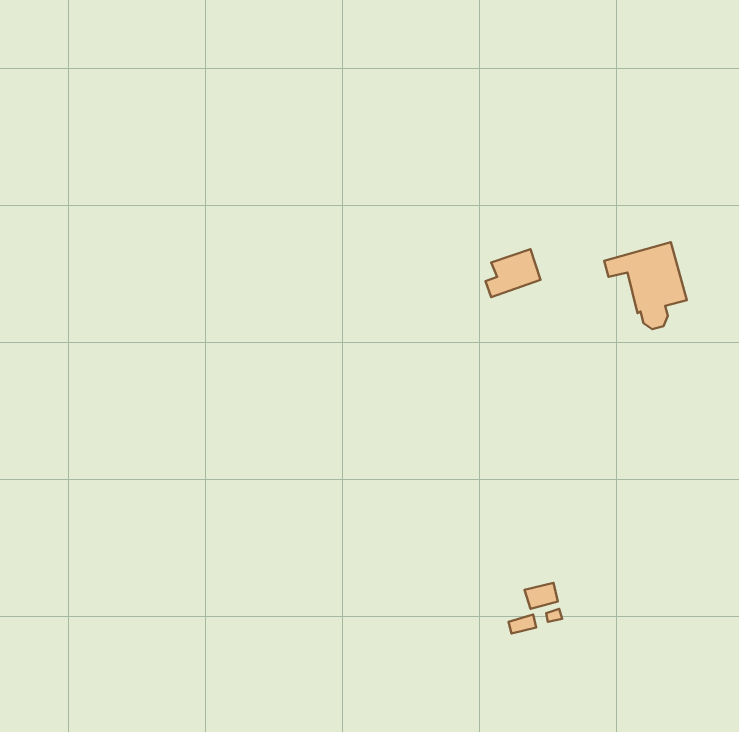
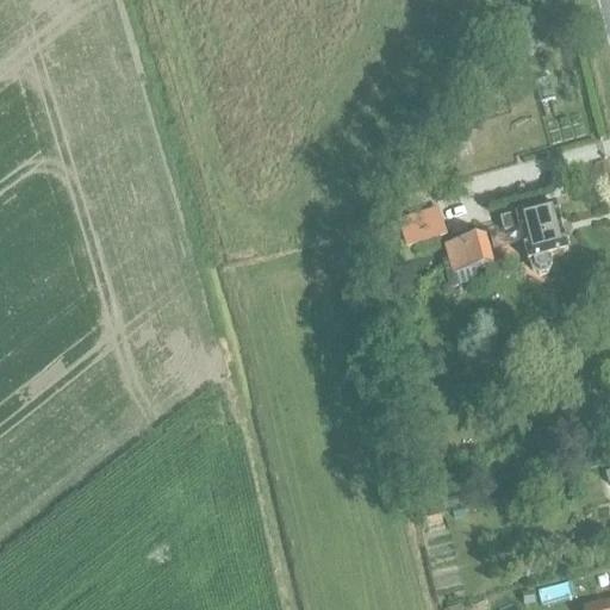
building: none -> [446,232,490,270]

